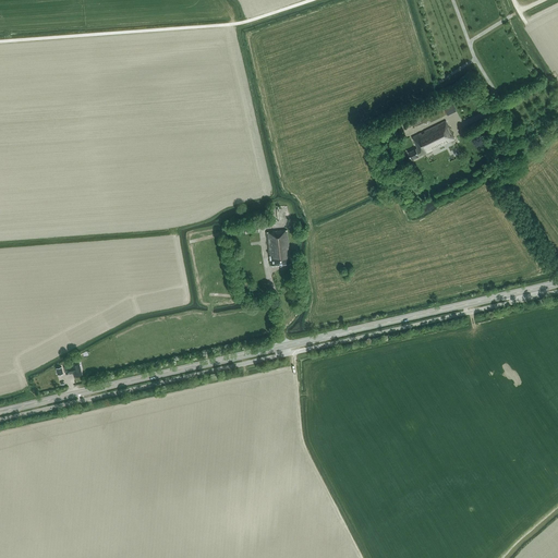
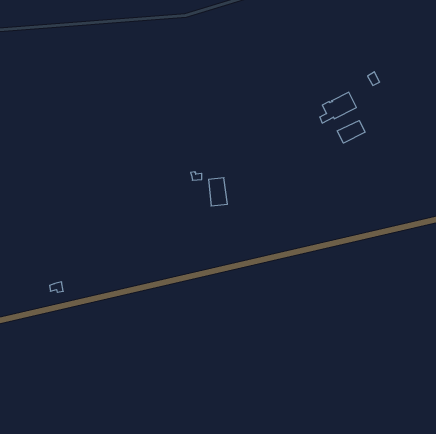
building: none -> [337,121,365,143]

